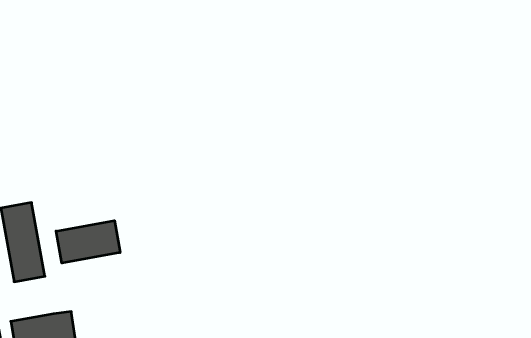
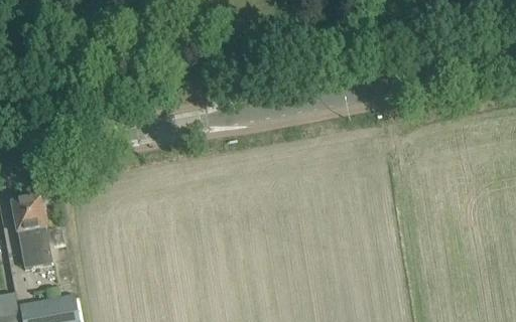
building: [56,221,120,263] -> none

